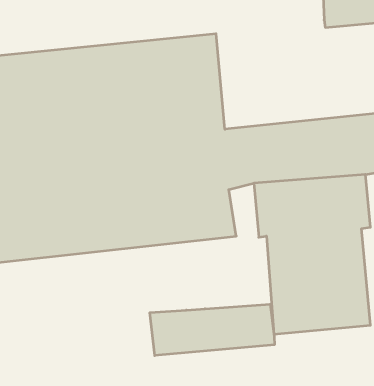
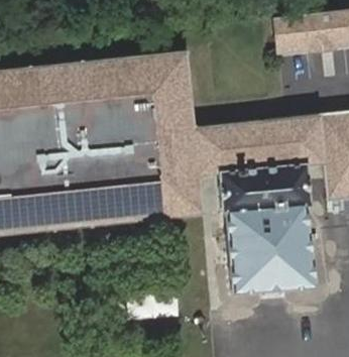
building: [150,304,274,356] -> none

